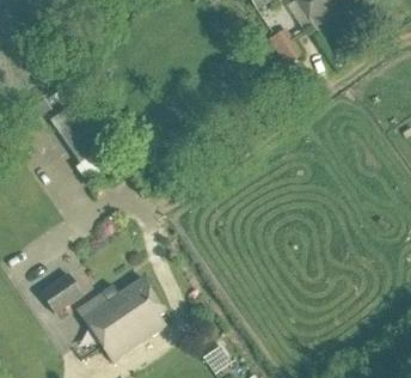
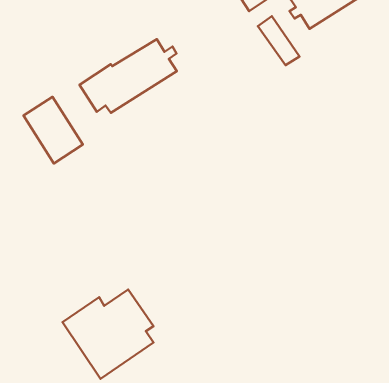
building: none -> [79,39,177,113]
building: [38,273,82,316] -> none

